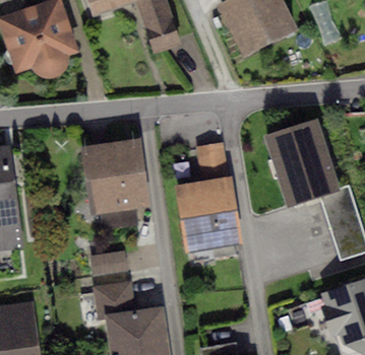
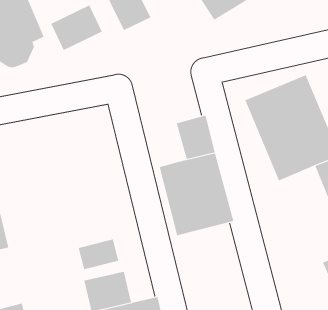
building: none -> [50,4,103,51]
building: [81,140,149,230] -> none

